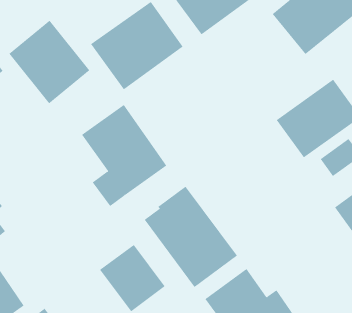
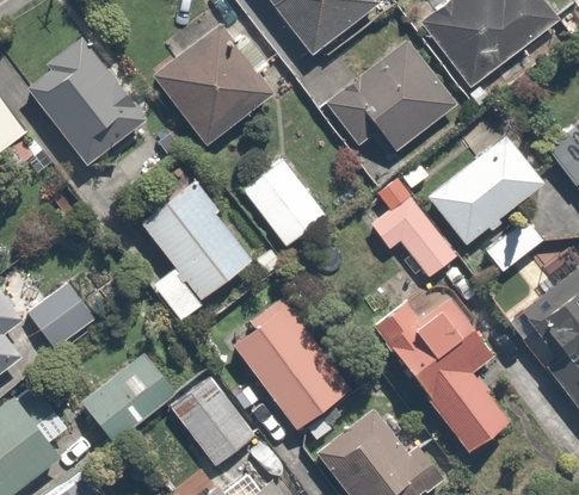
building: none -> [331,35,464,149]
building: none -> [242,157,328,247]
building: none -> [369,192,456,273]
building: none -> [346,271,517,454]
building: none -> [29,279,105,354]
building: none -> [69,351,167,440]

